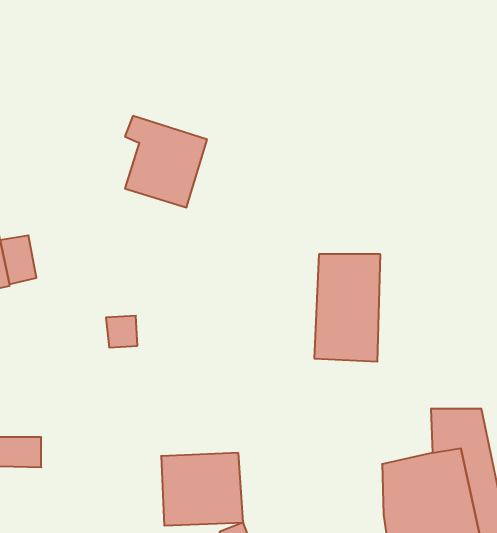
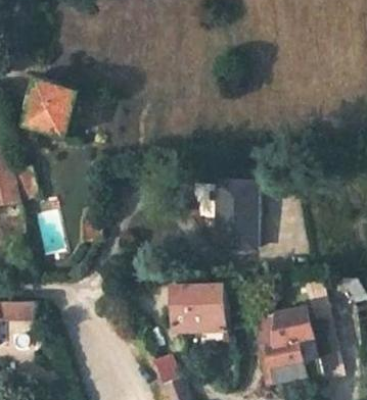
building: [125,116,207,207] -> [25,78,78,137]
building: [161,453,243,526] -> [172,286,225,333]

